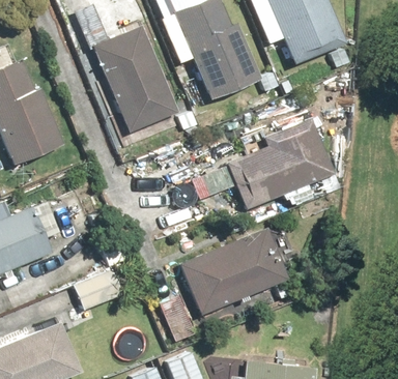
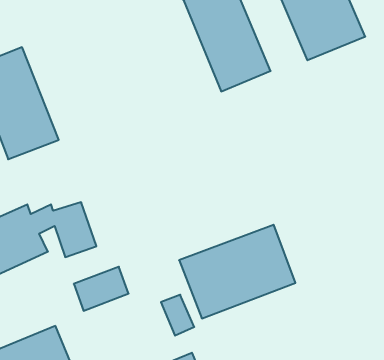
building: [98,25,186,134] -> none
building: [187,119,339,213] -> none

